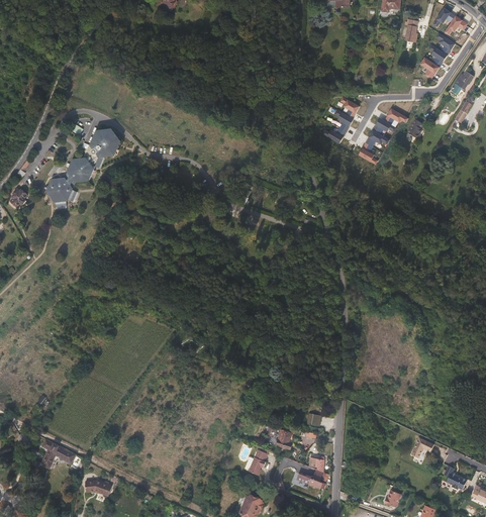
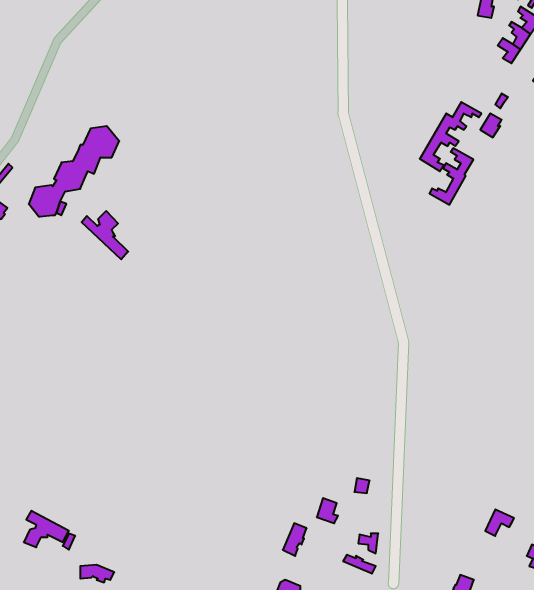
building: [323,98,359,143] -> [429,148,473,205]
building: none -> [82,211,128,259]

